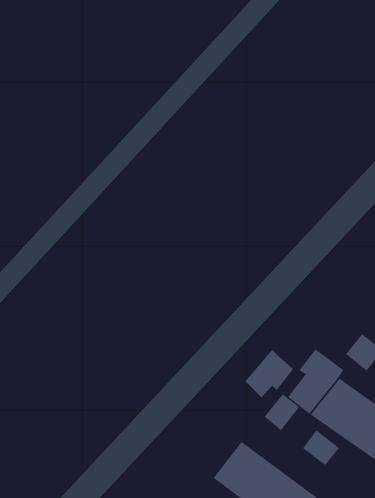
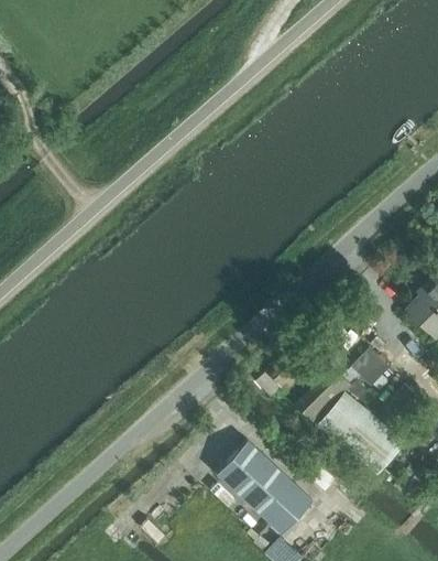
building: [264,394,300,431] -> none
building: [302,429,340,466] -> none

